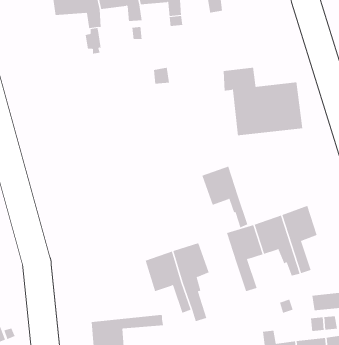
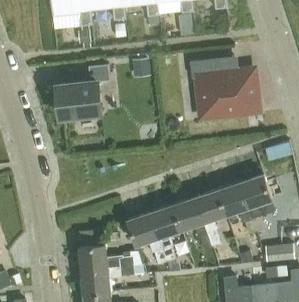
building: none -> [58,64,110,117]
building: [201,166,248,228] -> [172,196,211,248]
building: none -> [79,244,142,270]

